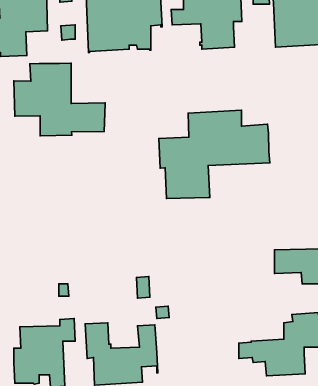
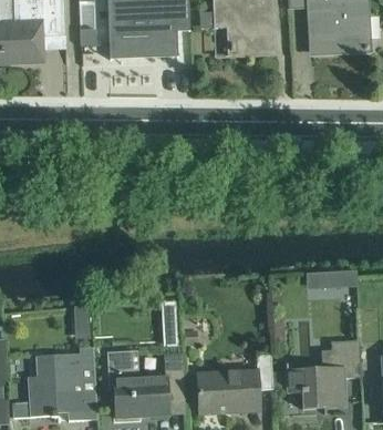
building: [14,63,105,136] -> none
building: [159,110,270,199] -> none
building: none -> [197,352,272,413]

